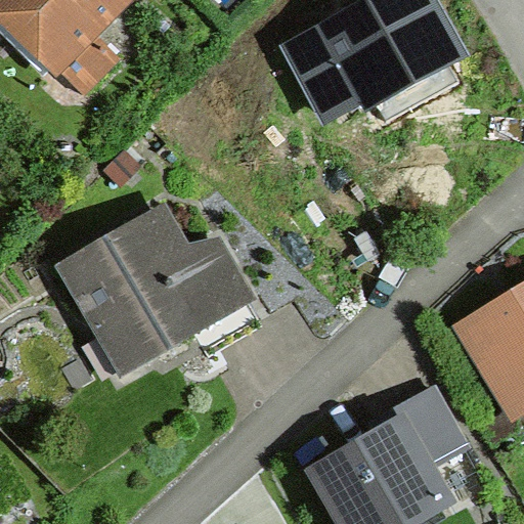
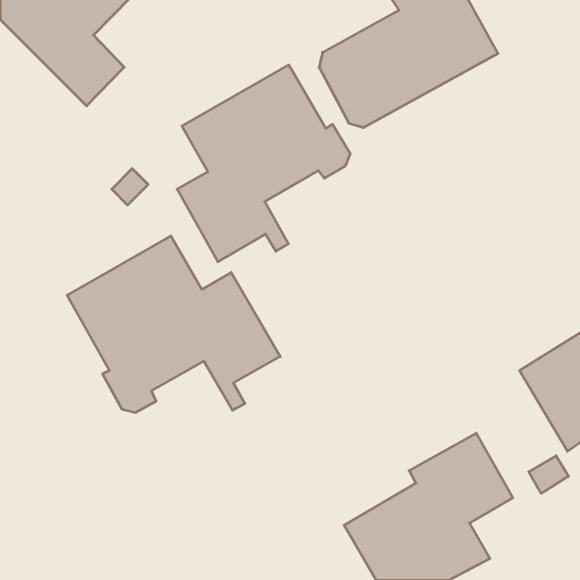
building: none -> [177,65,350,262]

